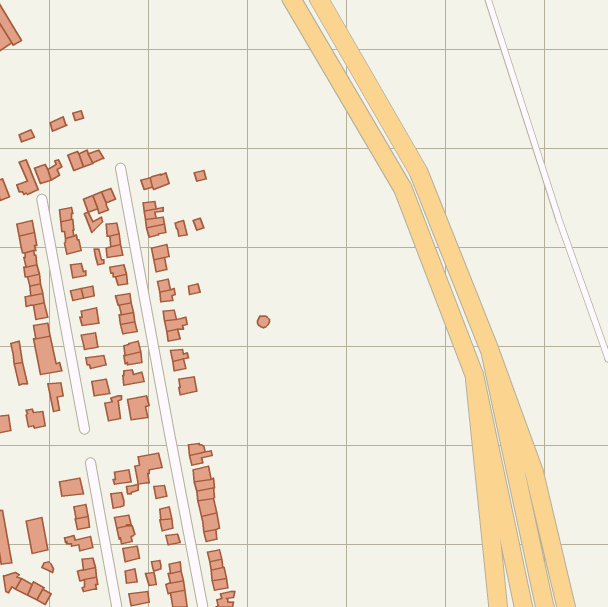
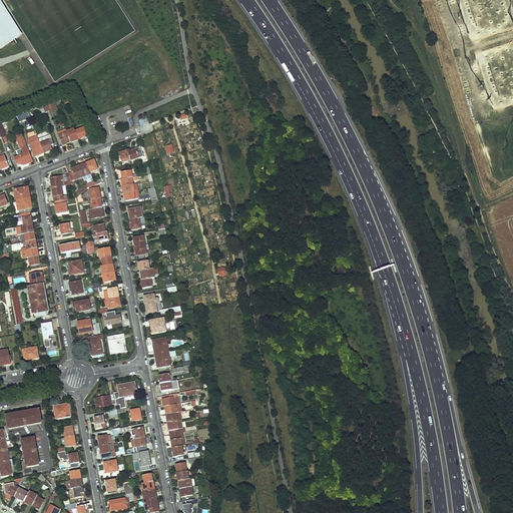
building: none -> [152,337,170,366]
building: none -> [4,407,41,427]

